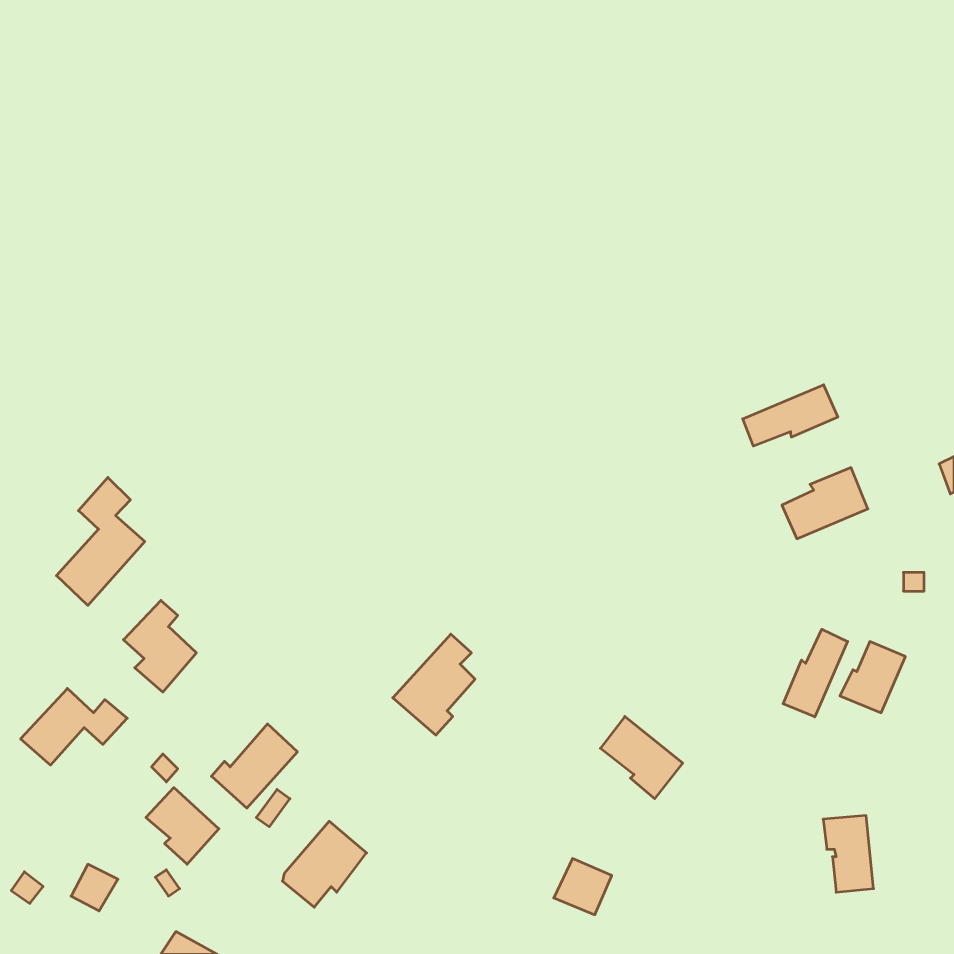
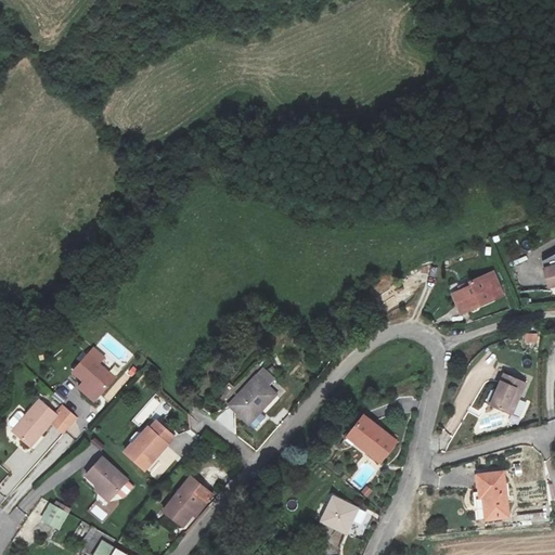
building: [743,385,838,446] -> none
building: [56,477,145,605] -> none
building: [783,629,848,717] -> none

